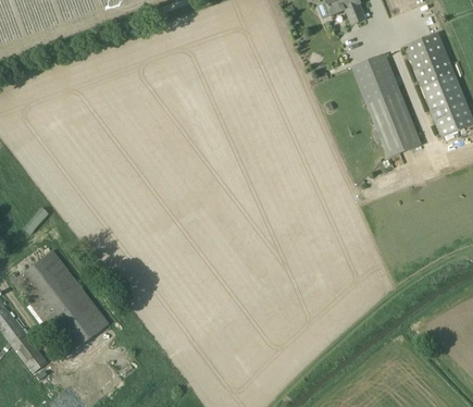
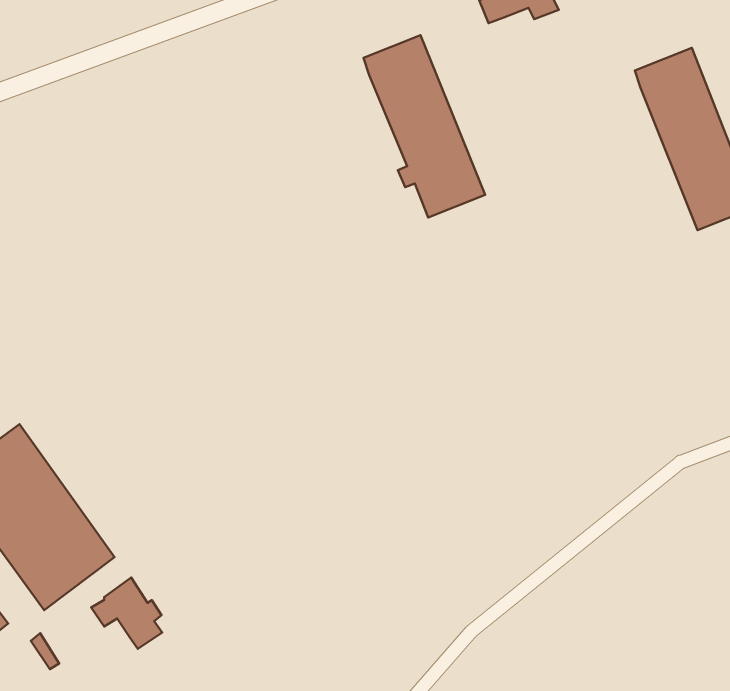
building: [352,52,422,157] -> [363,35,485,218]
building: none -> [91,577,162,649]

